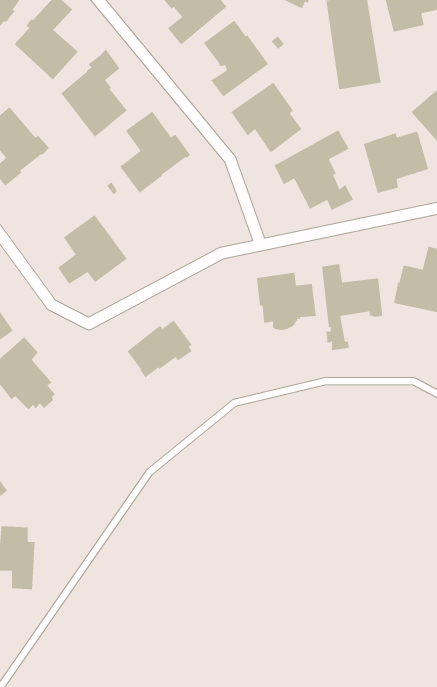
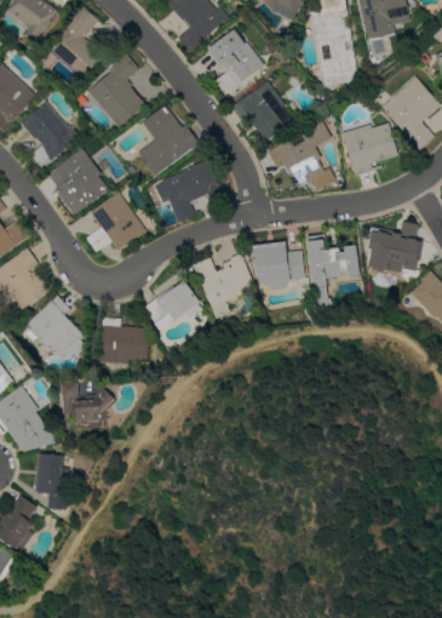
building: none -> [46,148,109,208]
building: none -> [154,159,228,223]
building: none -> [193,254,256,319]
building: none -> [99,317,149,364]
building: none -> [62,382,116,429]

